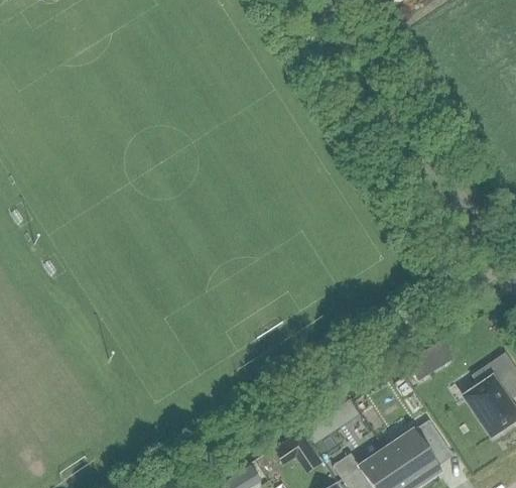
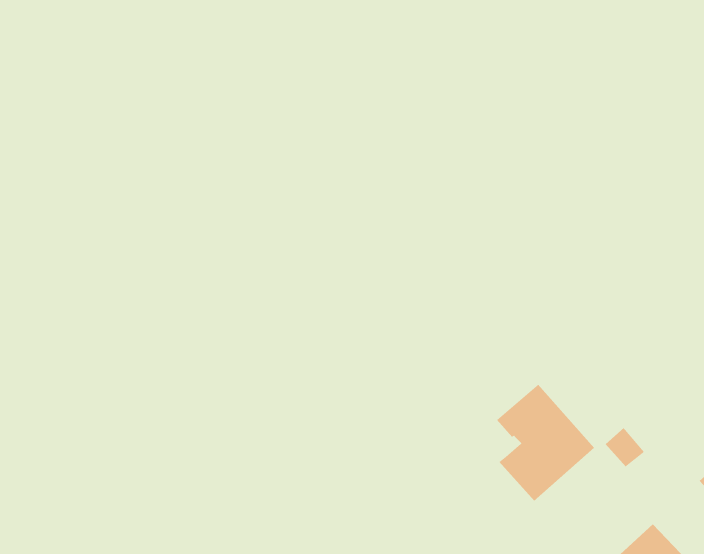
building: none -> [496,384,595,502]

